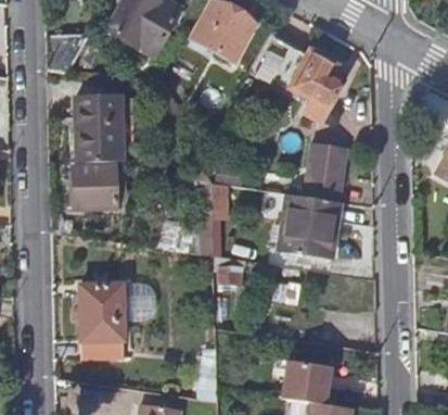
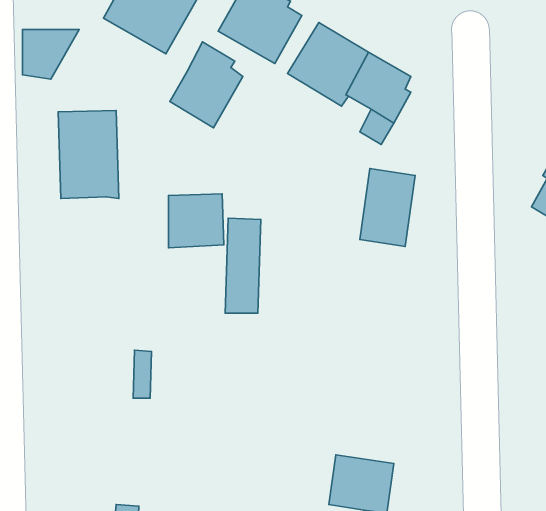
building: none -> [170,42,243,128]
building: [75,168,117,210] -> [168,194,224,248]
building: [270,192,340,254] -> none
building: [78,284,121,356] -> none

